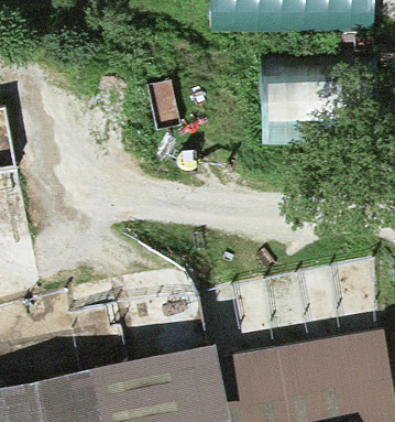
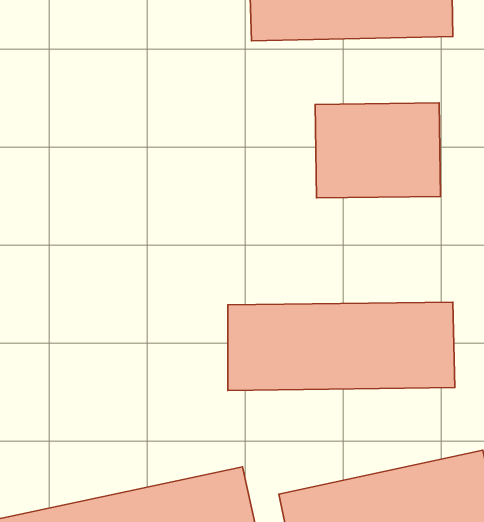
building: none -> [228,302,455,390]

